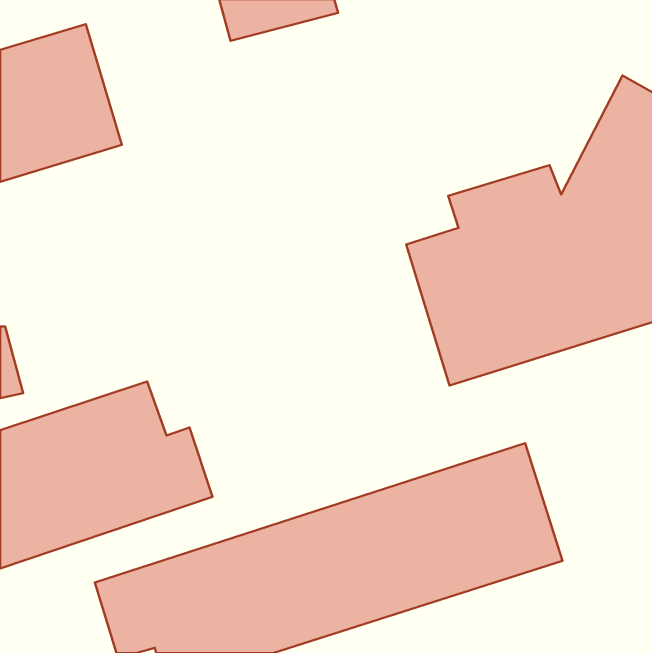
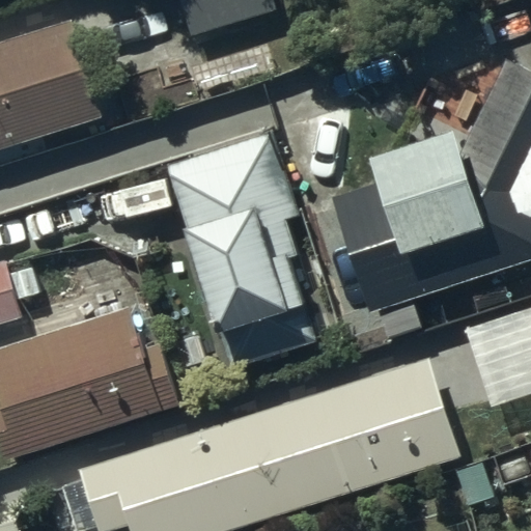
building: none -> [169,135,318,369]

